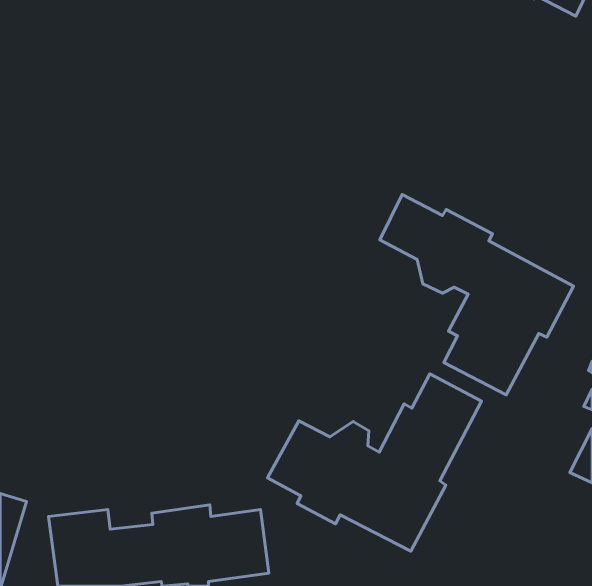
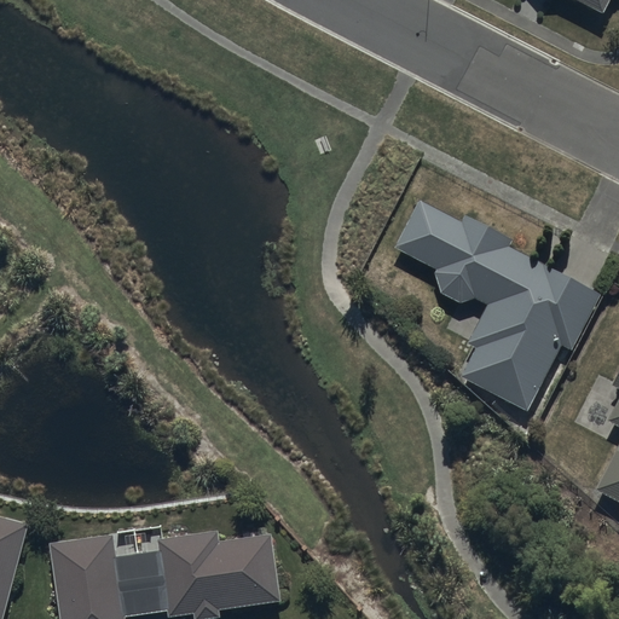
building: [268,374,481,551] -> none

